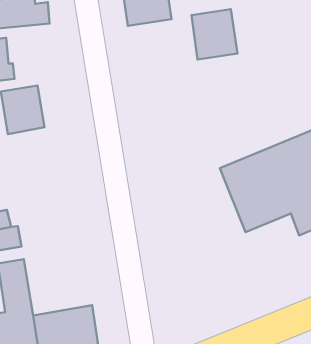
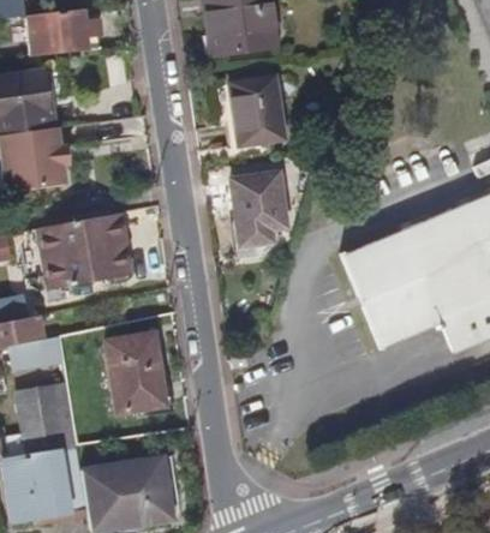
building: [192,9,238,59] -> [219,76,283,146]
building: none -> [231,173,286,251]
building: none -> [48,210,144,289]
building: none -> [110,333,168,400]

